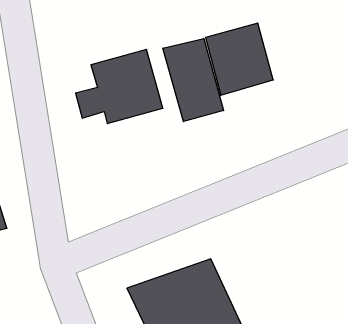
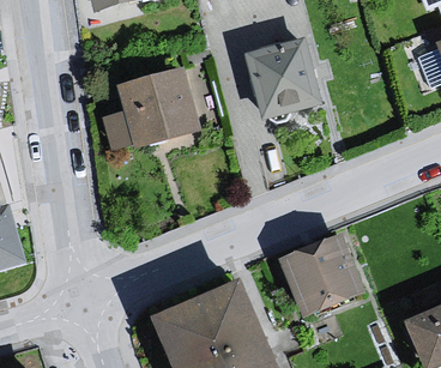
building: [163,38,224,122] -> none
building: none -> [288,246,369,322]

